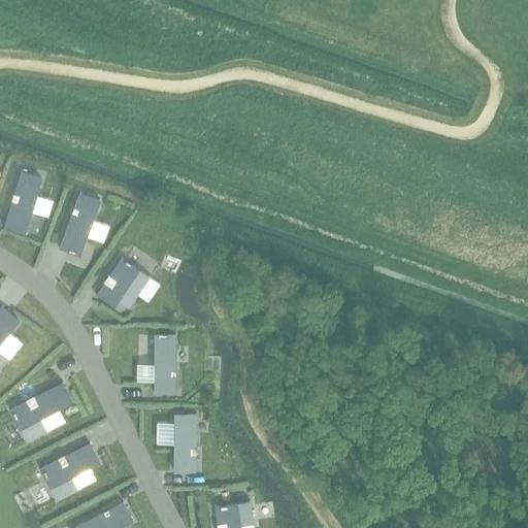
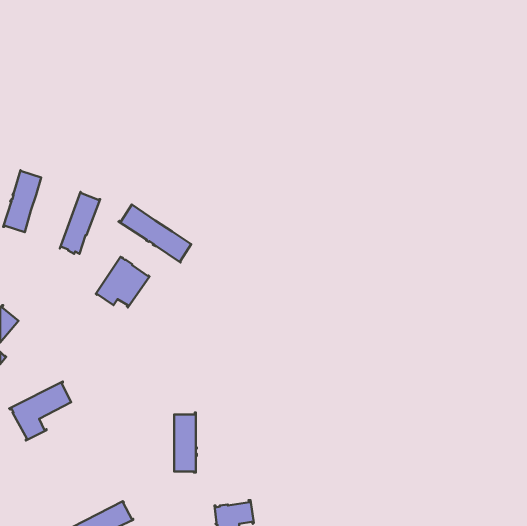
building: none -> [119,204,191,262]
building: [155,334,175,394] -> none
building: [37,442,96,500] -> none

